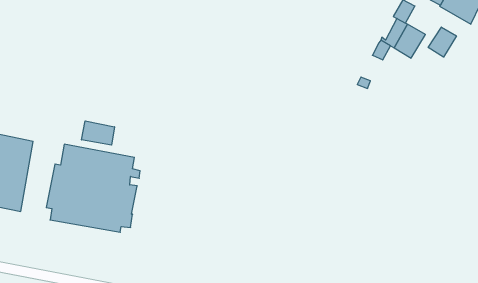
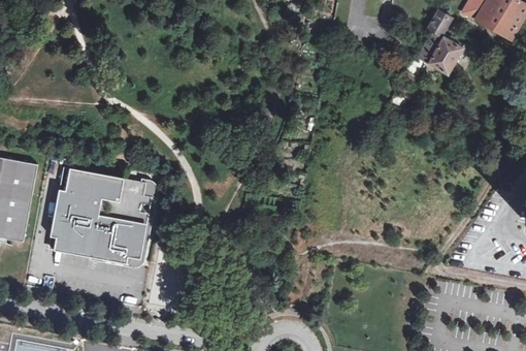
building: [428,27,456,57] -> none
building: [82,121,114,145] -> none

